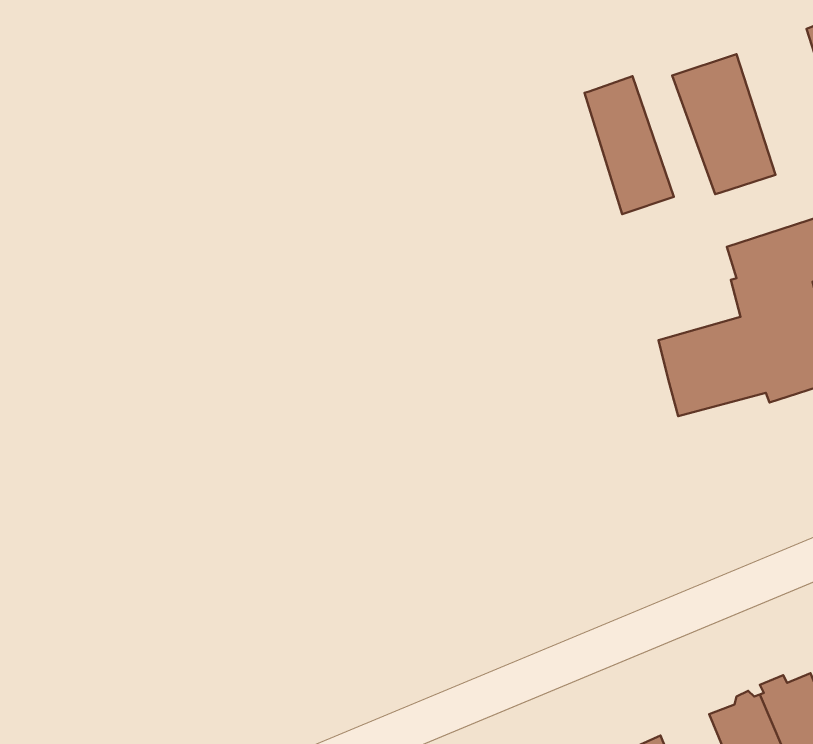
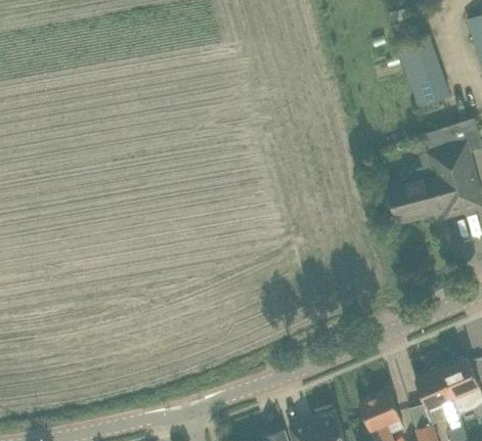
building: [584,76,674,214] -> none

